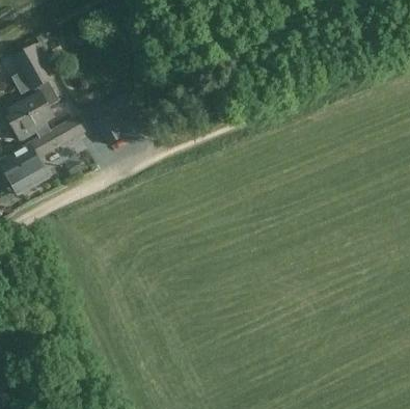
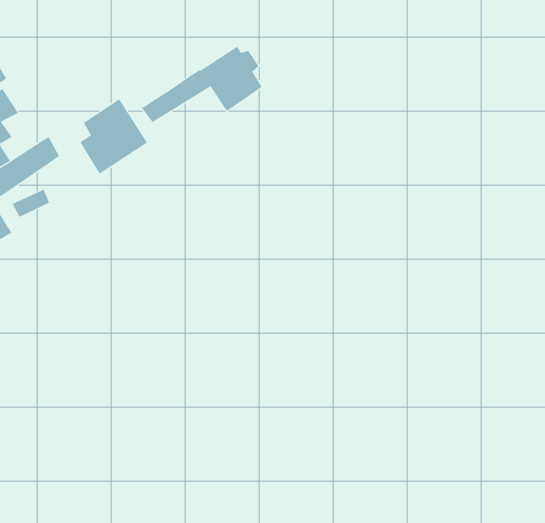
building: none -> [141,46,263,123]

